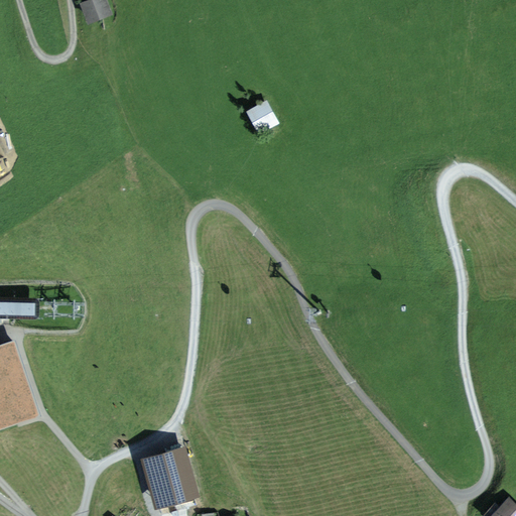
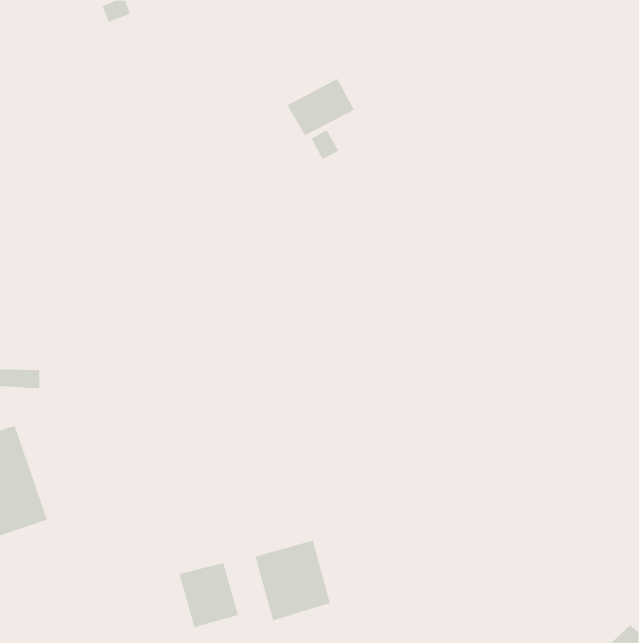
building: none -> [287,78,354,136]
building: none -> [255,540,331,621]

